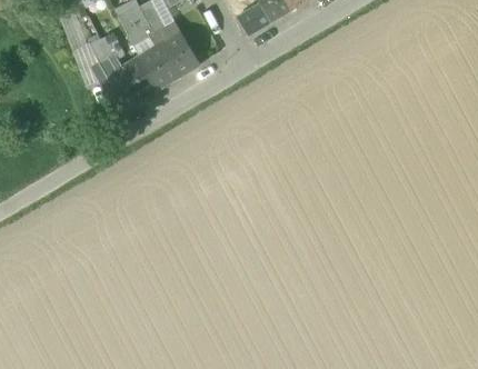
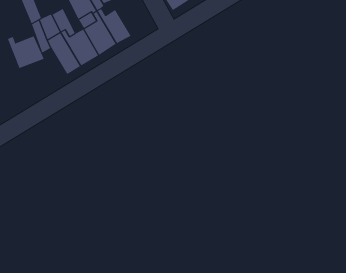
building: none -> [7,35,44,69]

